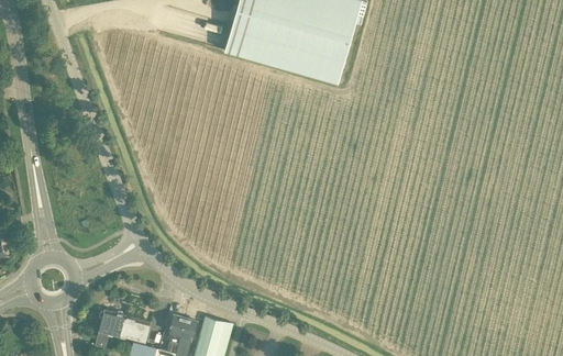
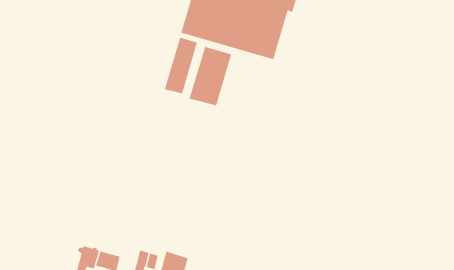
building: none -> [164,37,198,94]
building: none -> [189,46,232,106]

